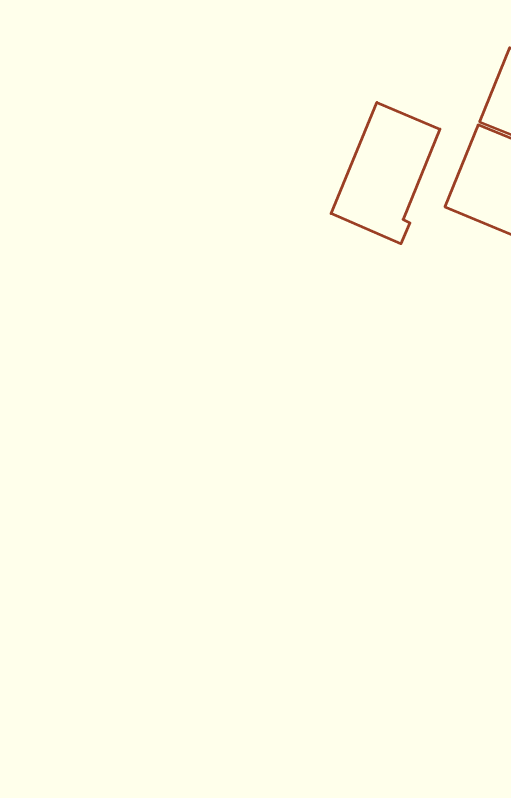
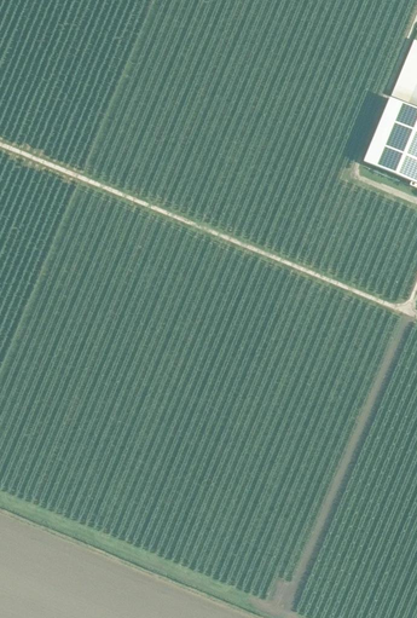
building: [331,102,440,244] -> none

